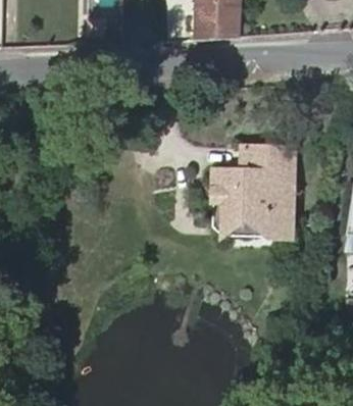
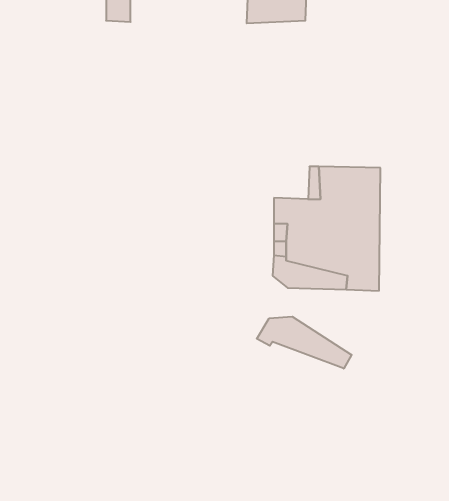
building: none -> [257,317,352,369]

